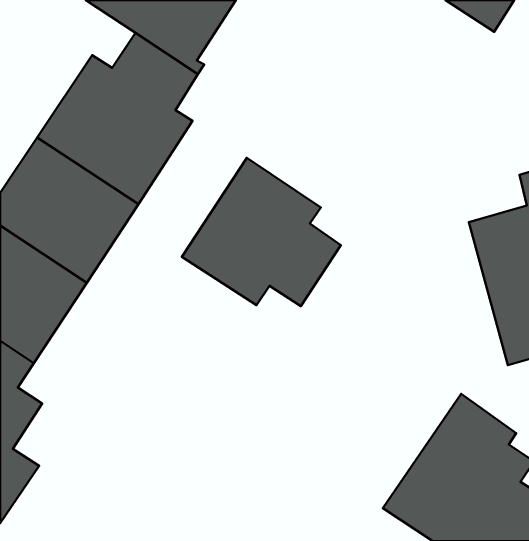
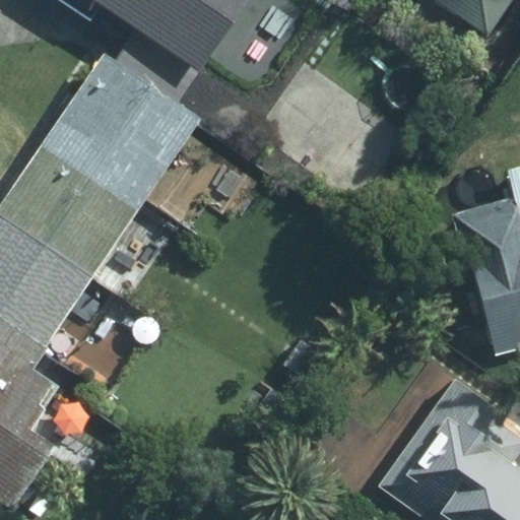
building: [182,158,341,306] -> none

